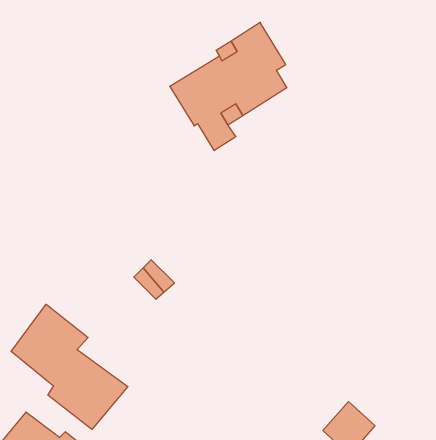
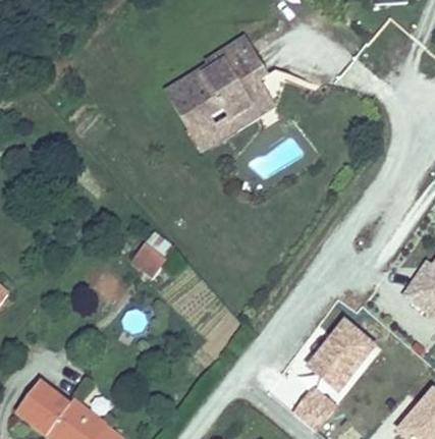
building: [11,304,128,429] -> none
building: none -> [313,310,387,385]

